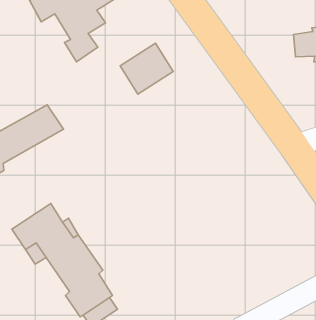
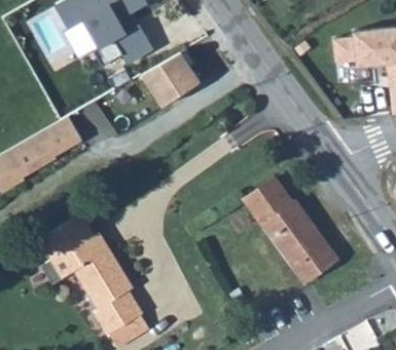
building: none -> [243,180,337,284]

